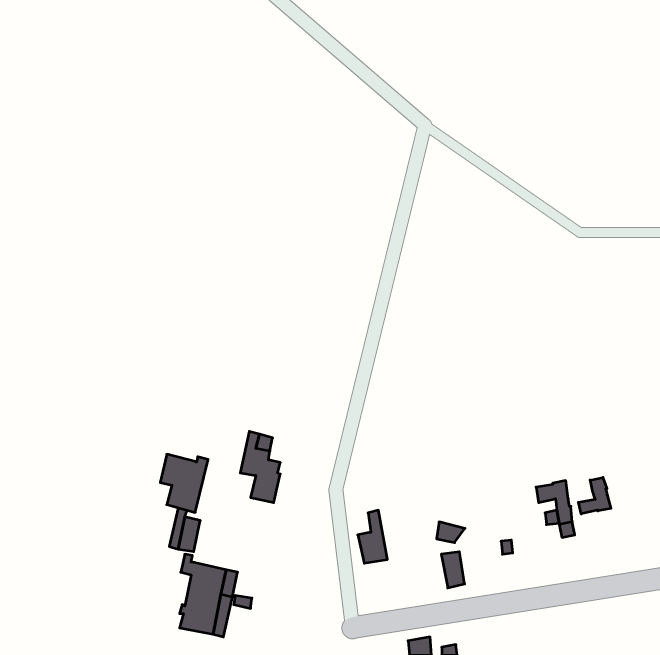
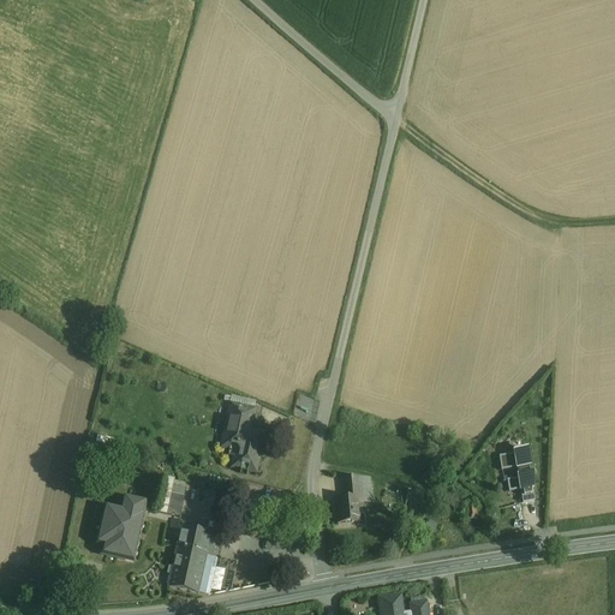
building: [160,454,208,512] -> [100,503,144,557]
building: [578,477,611,514] -> none
building: [441,552,465,588] -> [352,472,374,506]

